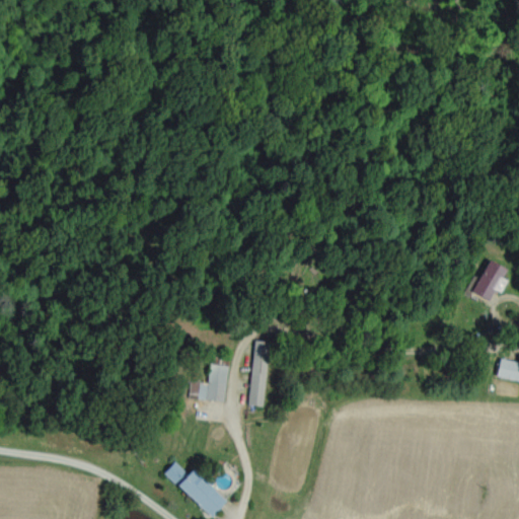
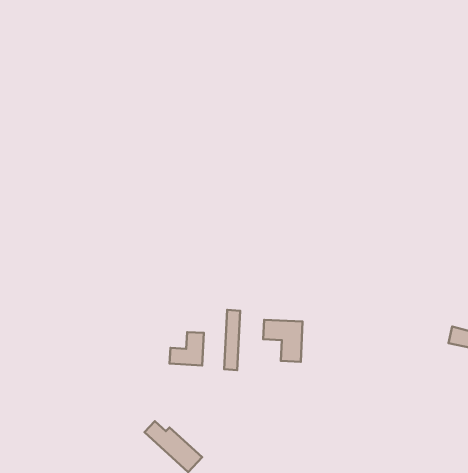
building: [472,260,508,301] -> none
building: none -> [263,320,303,362]

